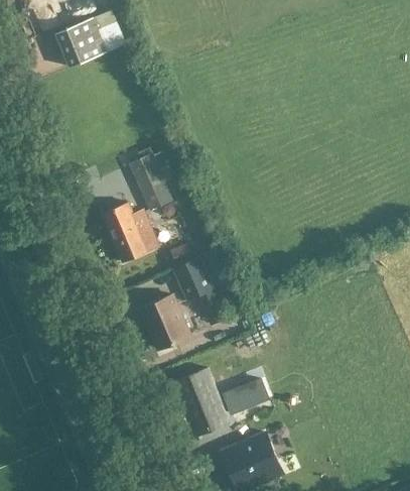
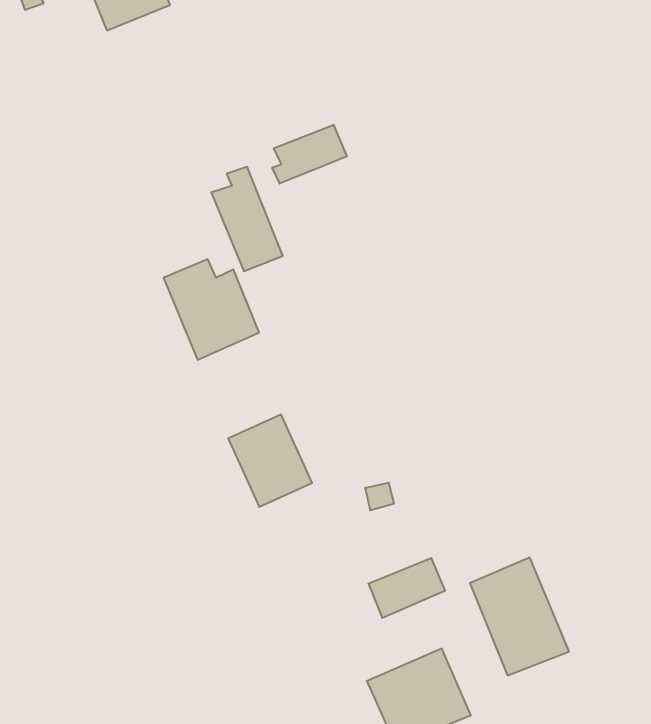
building: none -> [272,125,347,184]
building: [174,256,219,305] -> none
building: [173,366,232,436] -> [470,558,569,675]

